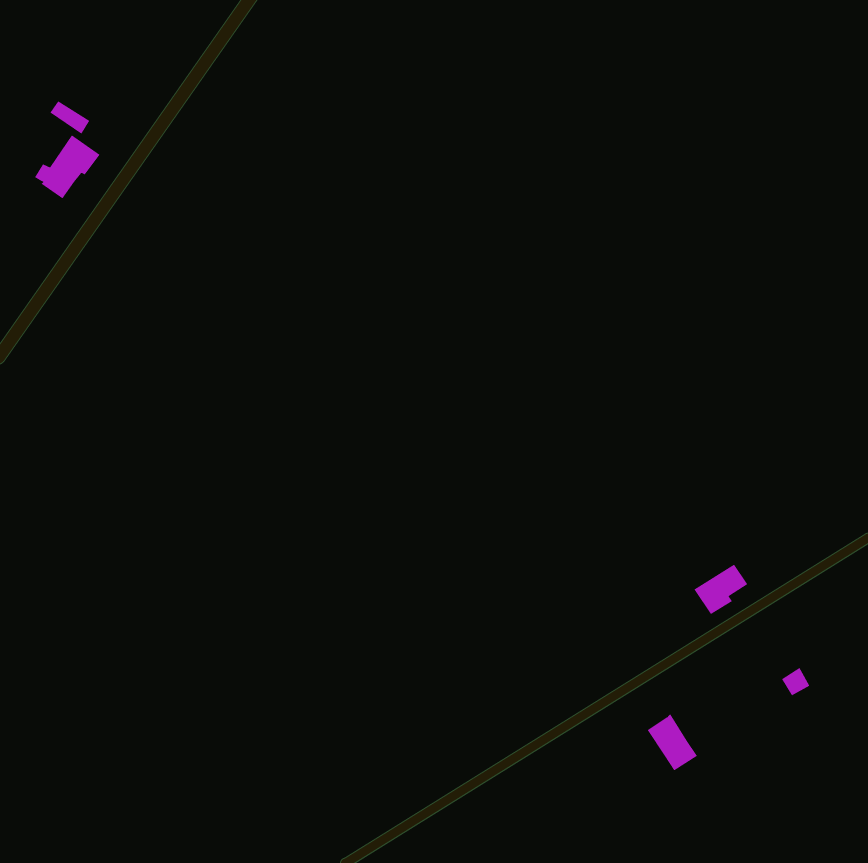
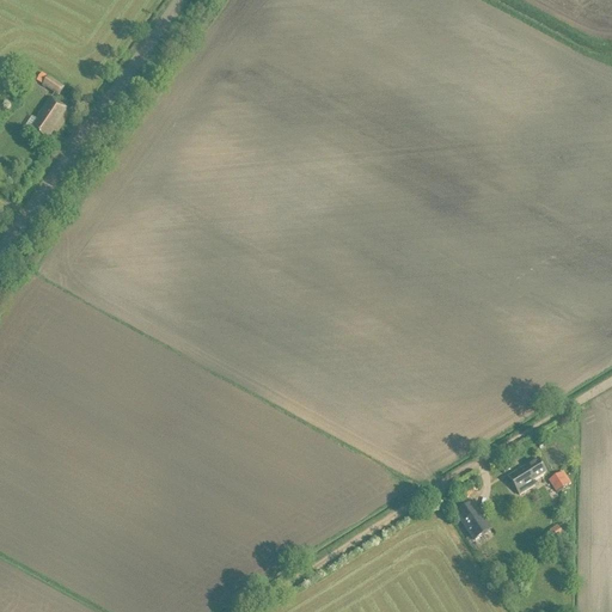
building: [694,564,748,615] -> [507,458,545,494]

